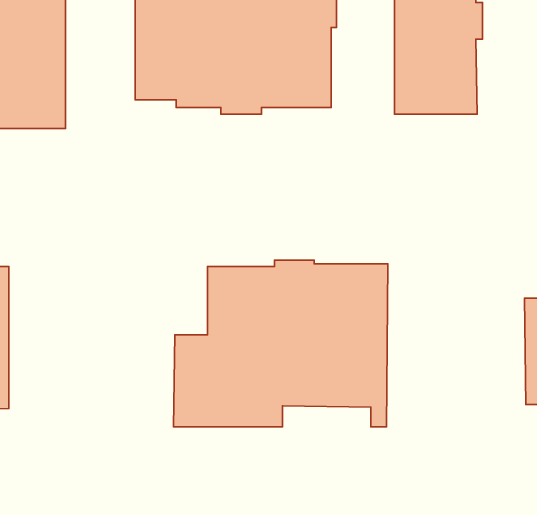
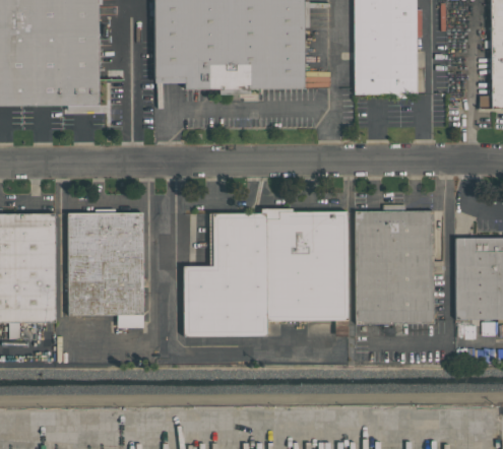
building: none -> [355,203,434,324]
building: none -> [68,208,143,327]

